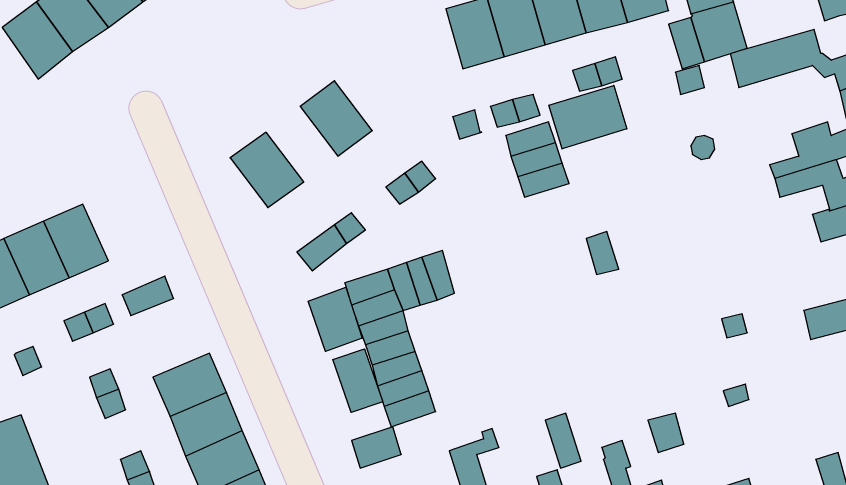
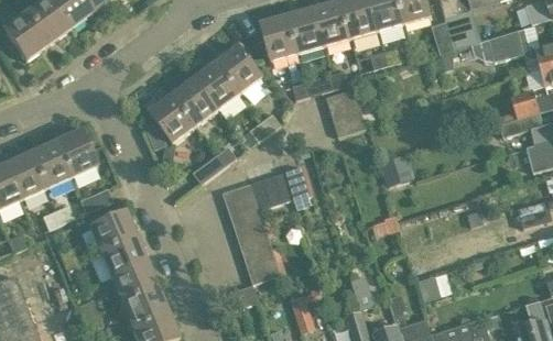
building: none -> [260,15,299,60]
building: none -> [216,45,262,94]
building: [549,85,627,149] -> none
building: none -> [172,78,218,126]
building: none -> [54,129,96,177]
building: [308,287,362,351] -> none
building: none -> [88,210,135,252]
building: [333,349,383,412] -> none

